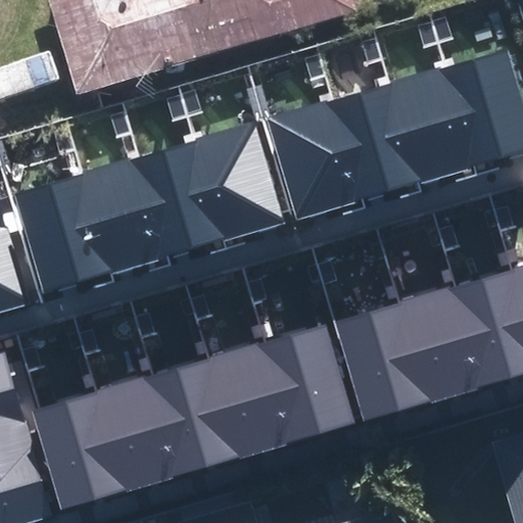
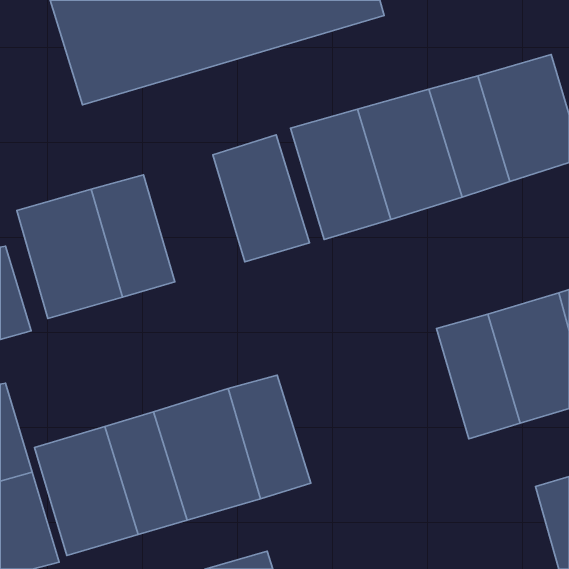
building: [132,142,225,258] -> none
building: [334,301,430,422] -> none
building: [254,323,355,443] -> none

